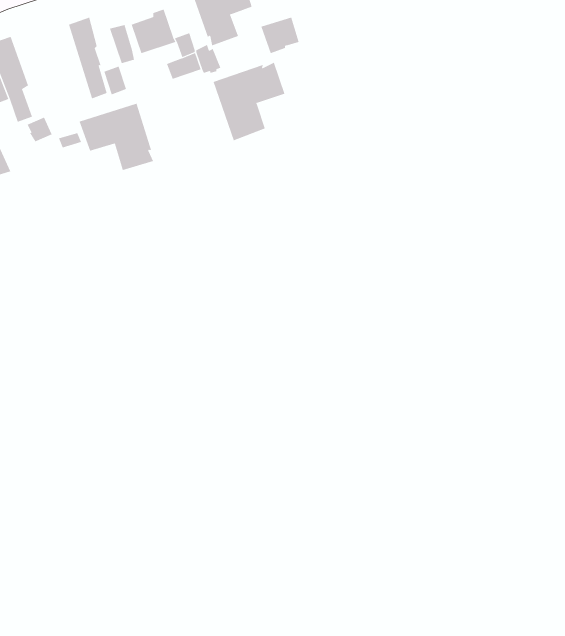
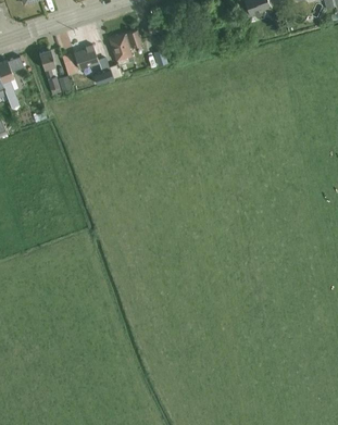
building: [213,62,285,141] -> none
building: [79,103,154,171] -> none

